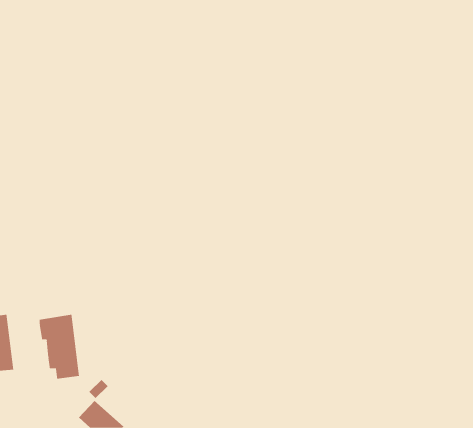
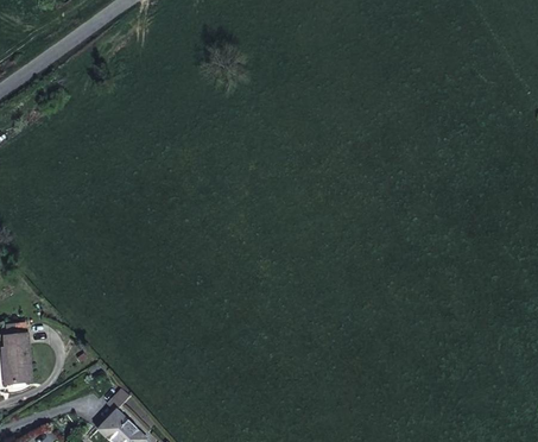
building: [39,314,80,379] -> none

